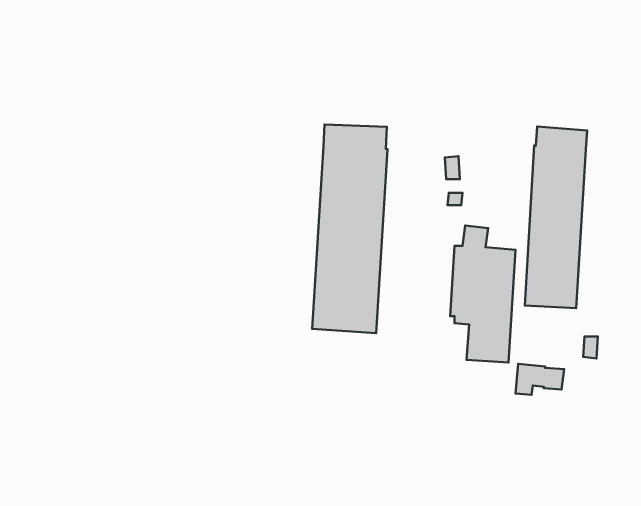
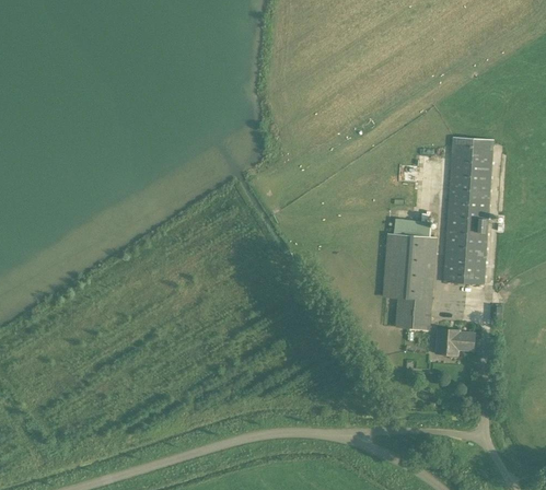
building: [312,124,387,333] -> none

